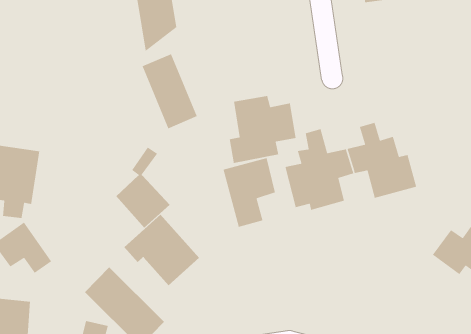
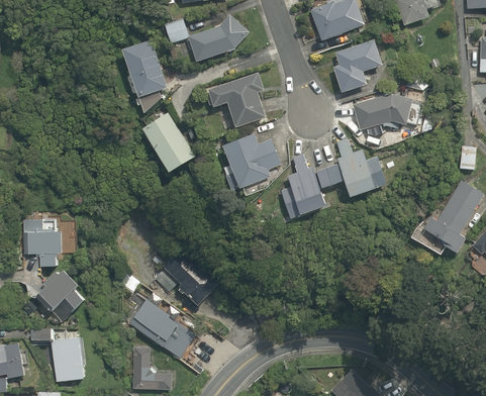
building: none -> [334,39,384,93]
building: none -> [207,72,264,127]
building: none -> [351,96,418,131]
building: [115,146,171,228] -> none
building: [222,157,276,228] -> none

